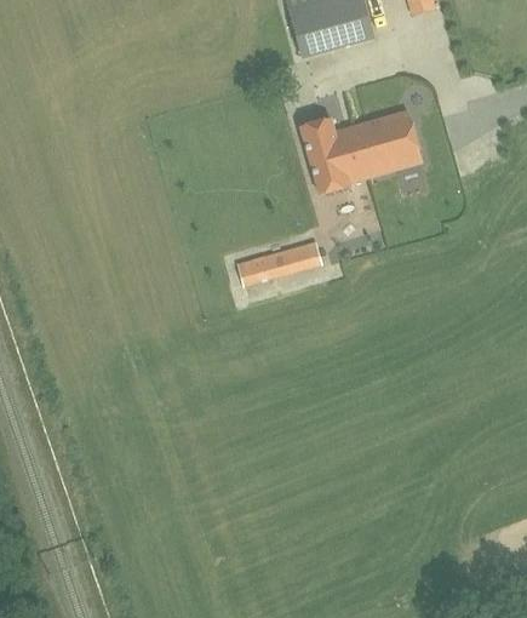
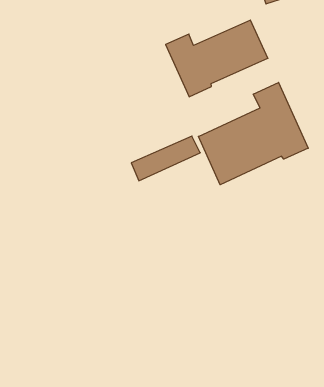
building: none -> [198,82,308,185]

